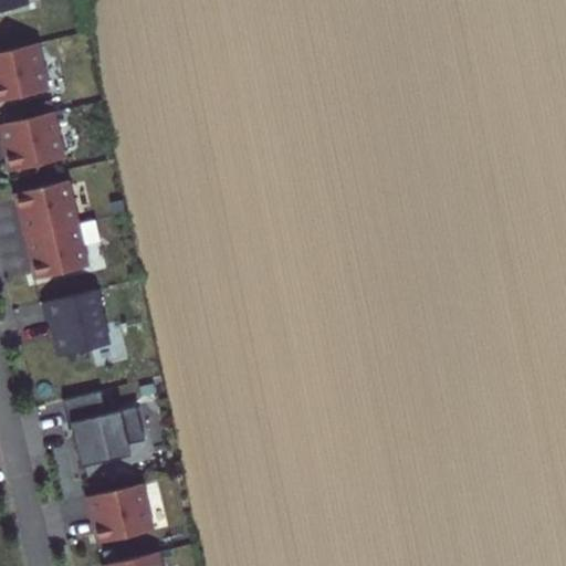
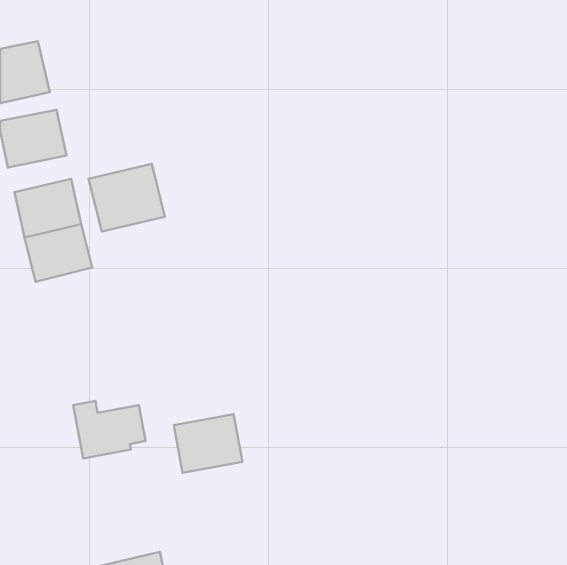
building: none -> [89,164,165,232]
building: [44,292,109,357] -> none
building: [83,485,151,544] -> [174,414,243,473]

